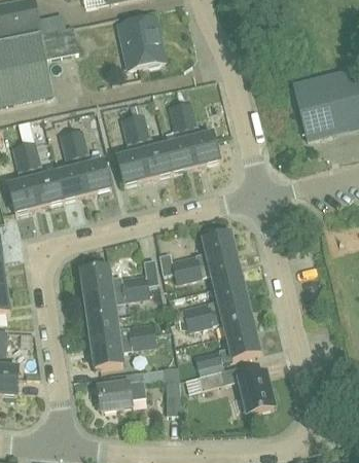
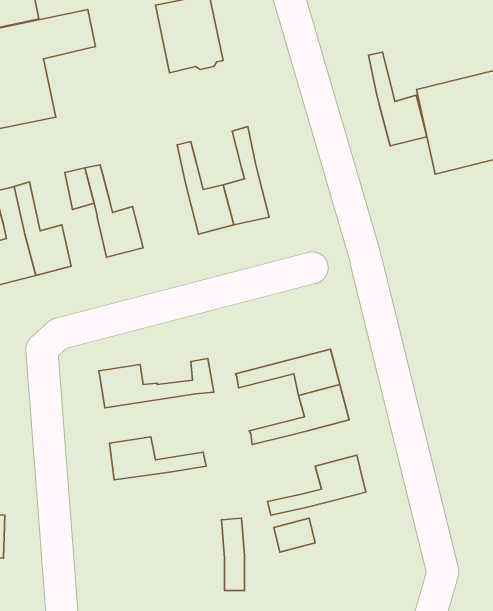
building: [180,103,219,166] -> [369,52,427,146]
building: [116,117,147,183] -> none
building: [56,166,85,199] -> none
building: [170,230,236,271] -> none
building: [84,284,146,317] -> none
building: [183,301,253,332] -> none
building: [91,332,153,366] -> none
building: [97,368,146,409] -> none
building: [239,370,273,412] -> none

